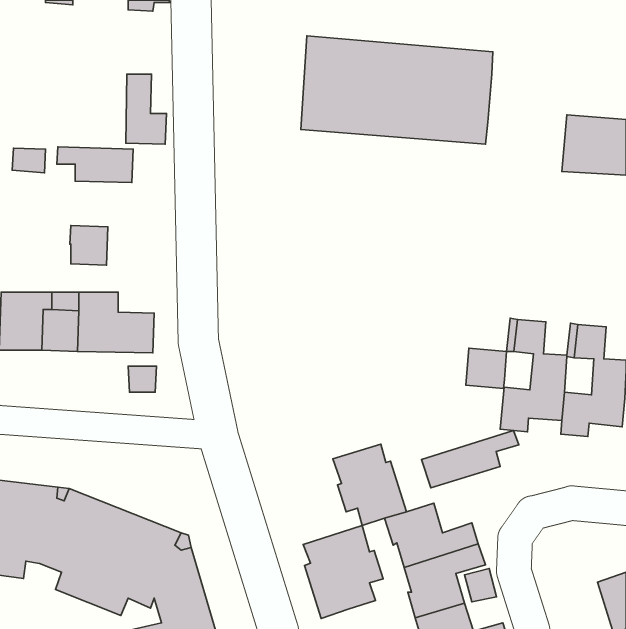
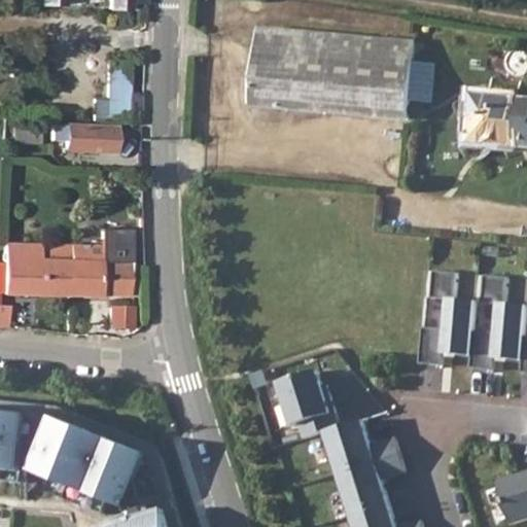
building: none -> [408,63,433,104]
building: [70,226,108,265] -> [98,230,130,262]
building: [466,348,506,388] -> none
building: [422,430,519,488] -> none
building: [303,525,383,618] -> none

